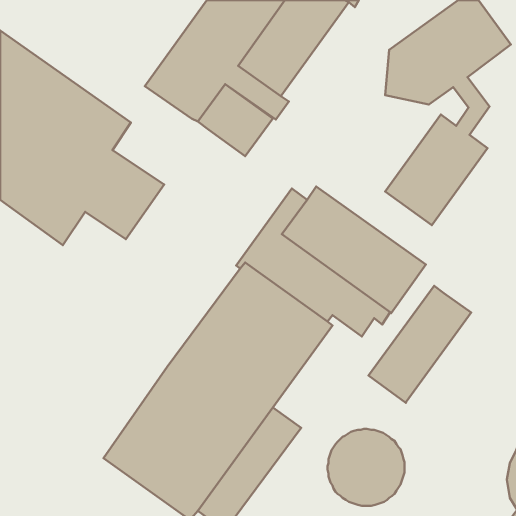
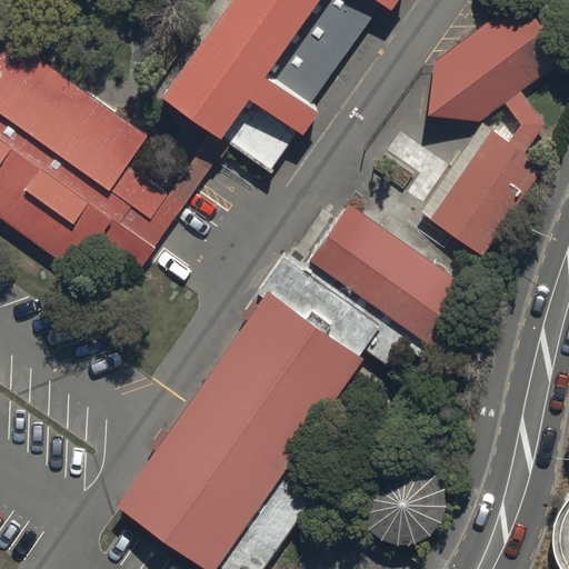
building: [368,286,471,403] -> none

